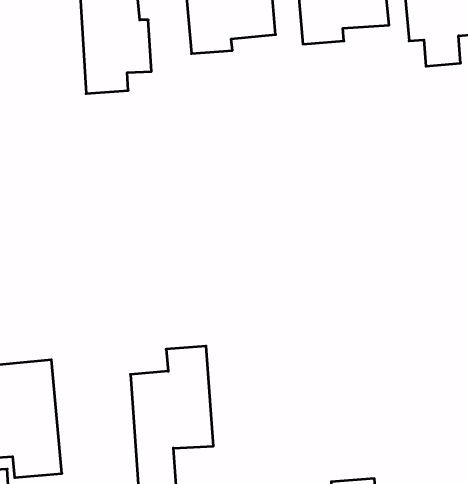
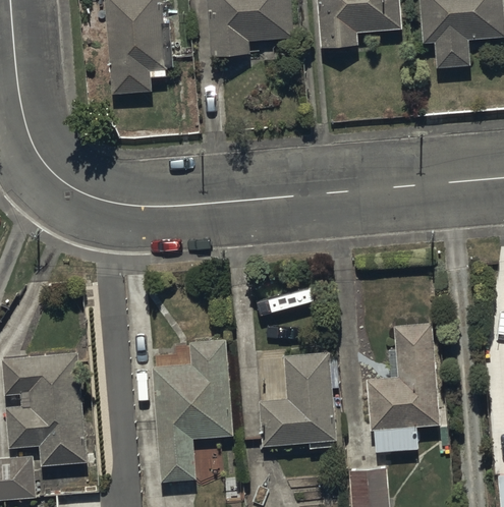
building: none -> [369,322,440,452]
building: none -> [262,351,337,445]

